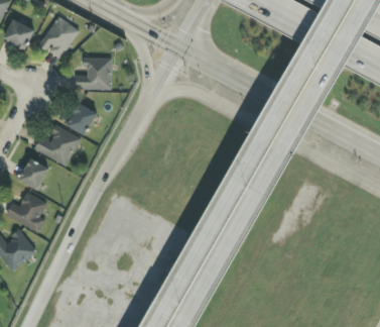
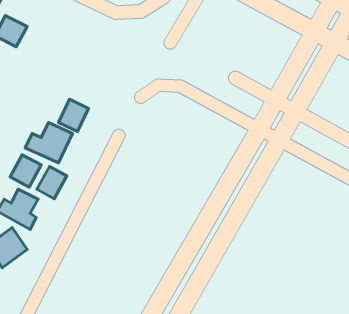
building: [38,15,78,59] -> none
building: [74,57,111,89] -> none
building: none -> [37,166,67,199]

